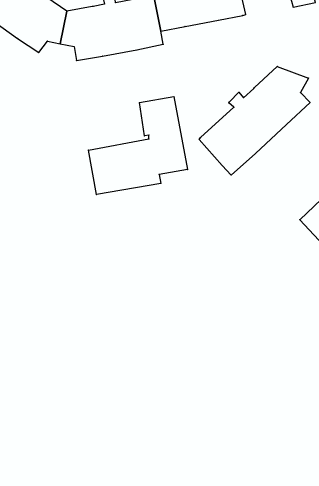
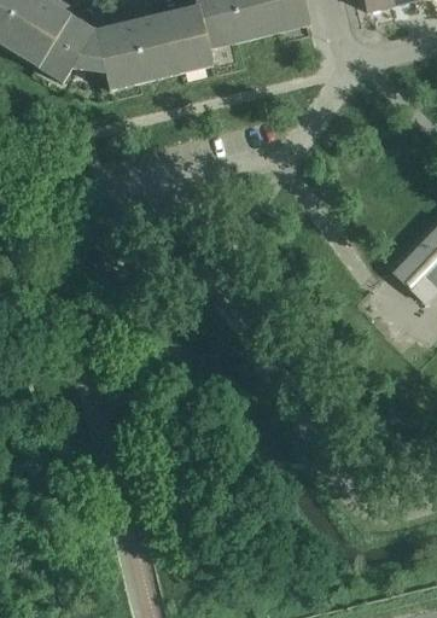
building: [199,66,310,175] -> none
building: [88,97,188,195] -> none

